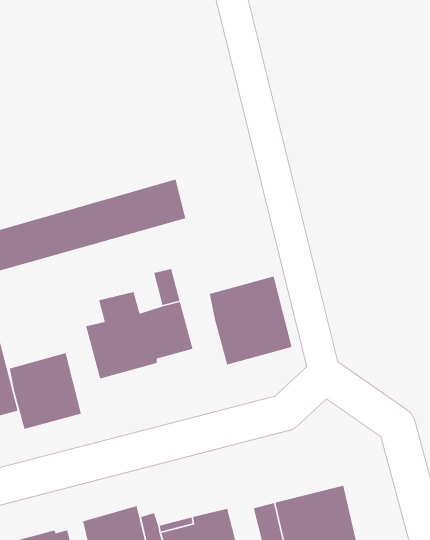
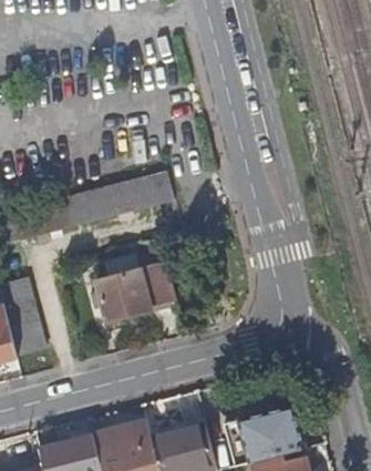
building: [208,276,293,366] -> none
building: [8,352,82,430] -> none

